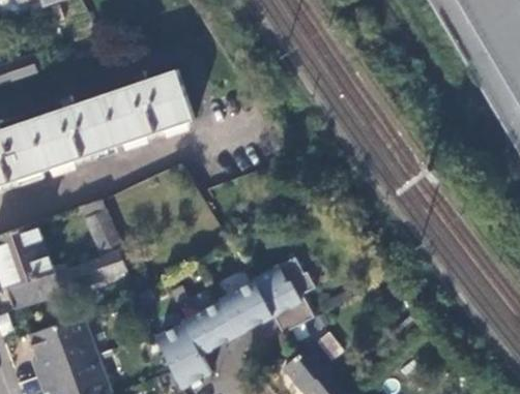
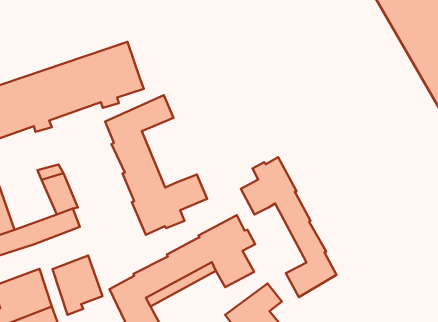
building: none -> [105,95,207,235]
building: none -> [241,157,336,297]
building: none -> [53,256,102,315]

